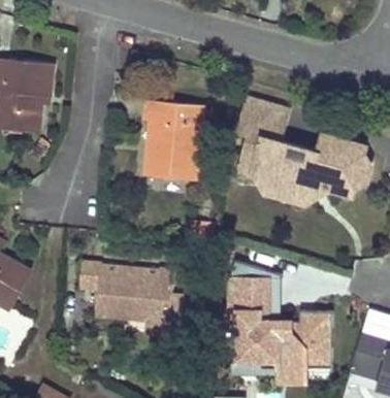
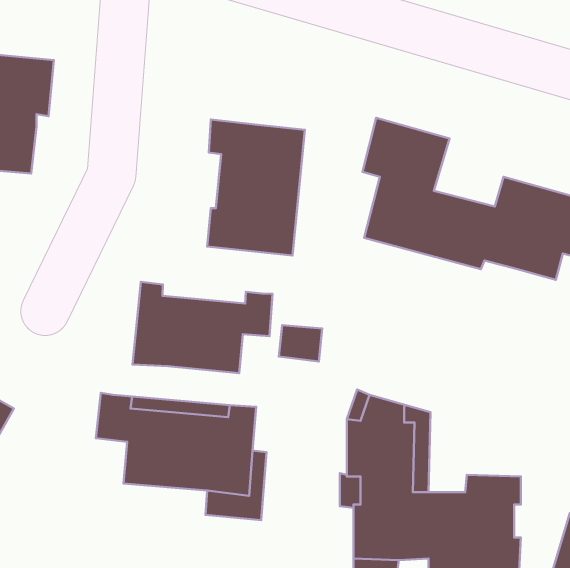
building: [253,173,328,203] -> none
building: none -> [133,282,272,373]

